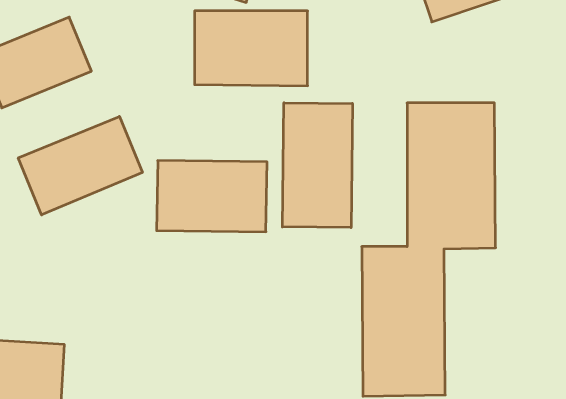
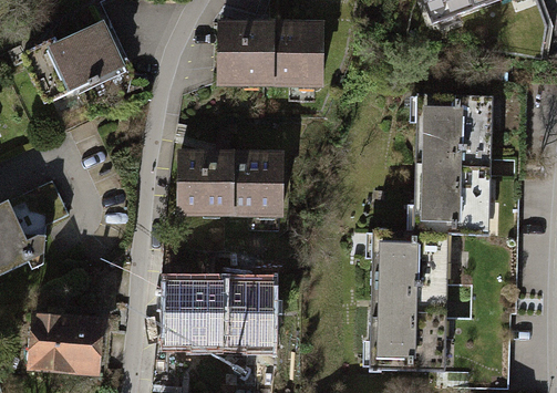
building: [282,103,352,228] -> none
building: [18,116,142,215] -> none
building: none -> [168,281,268,344]

